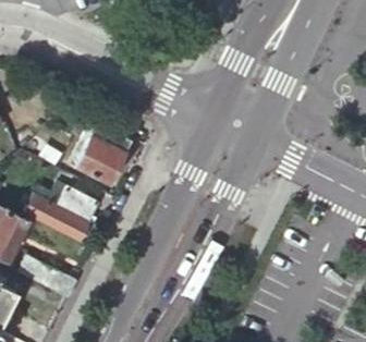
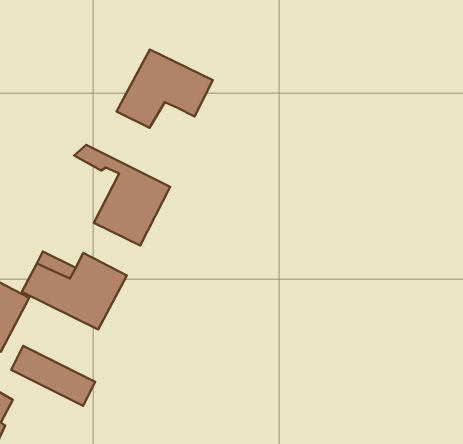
building: none -> [116,49,213,128]

